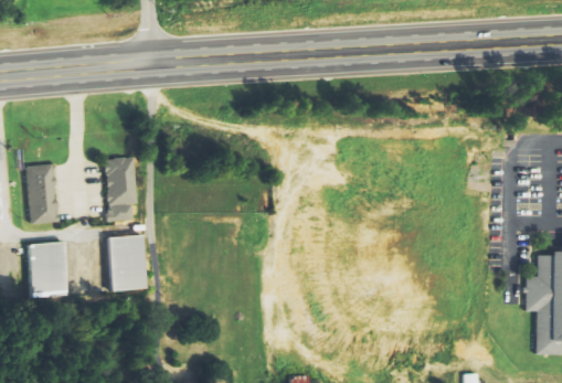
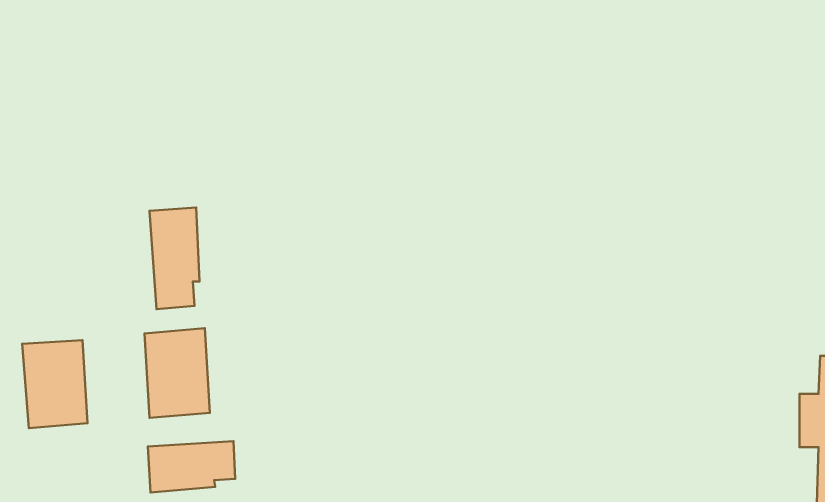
building: [28,164,57,224] -> none
building: none -> [148,441,235,493]

